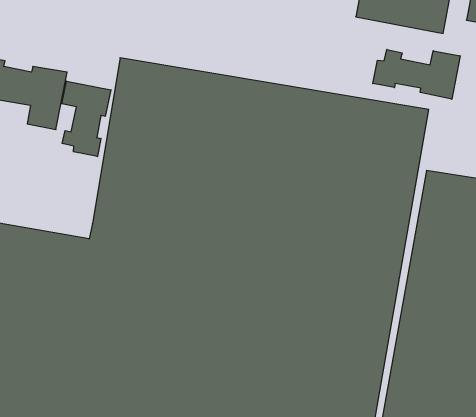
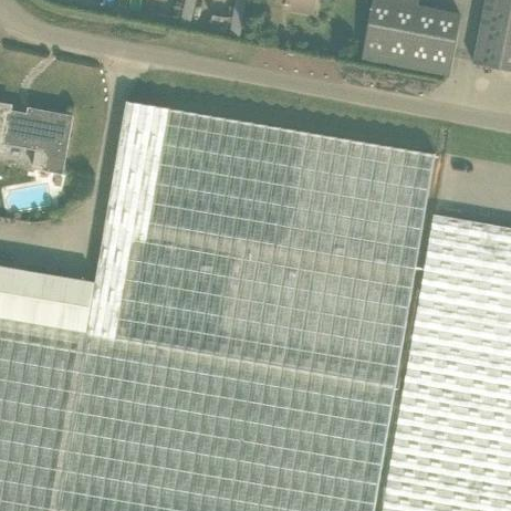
building: [373,49,460,99] -> none
building: [62,81,111,157] -> none

